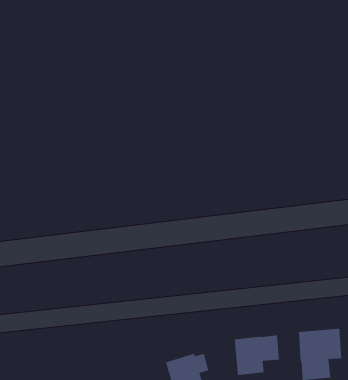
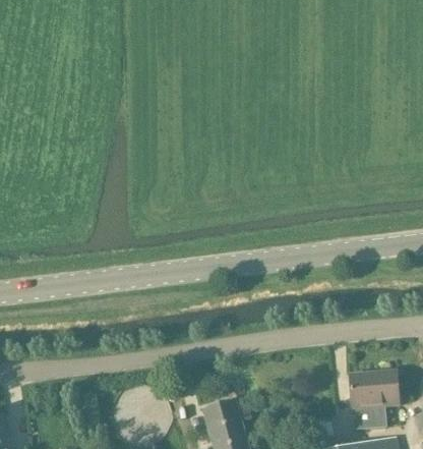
building: [234,335,279,376] -> none

